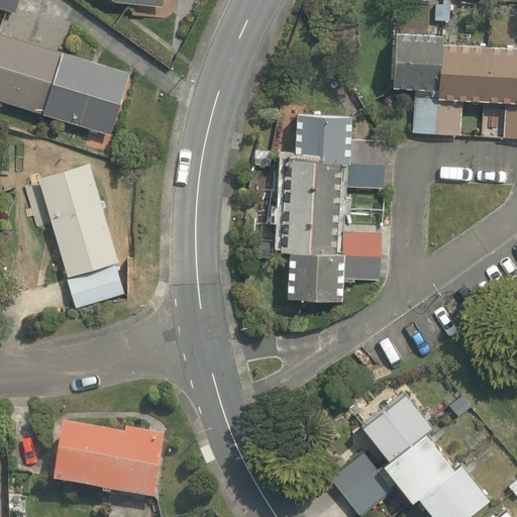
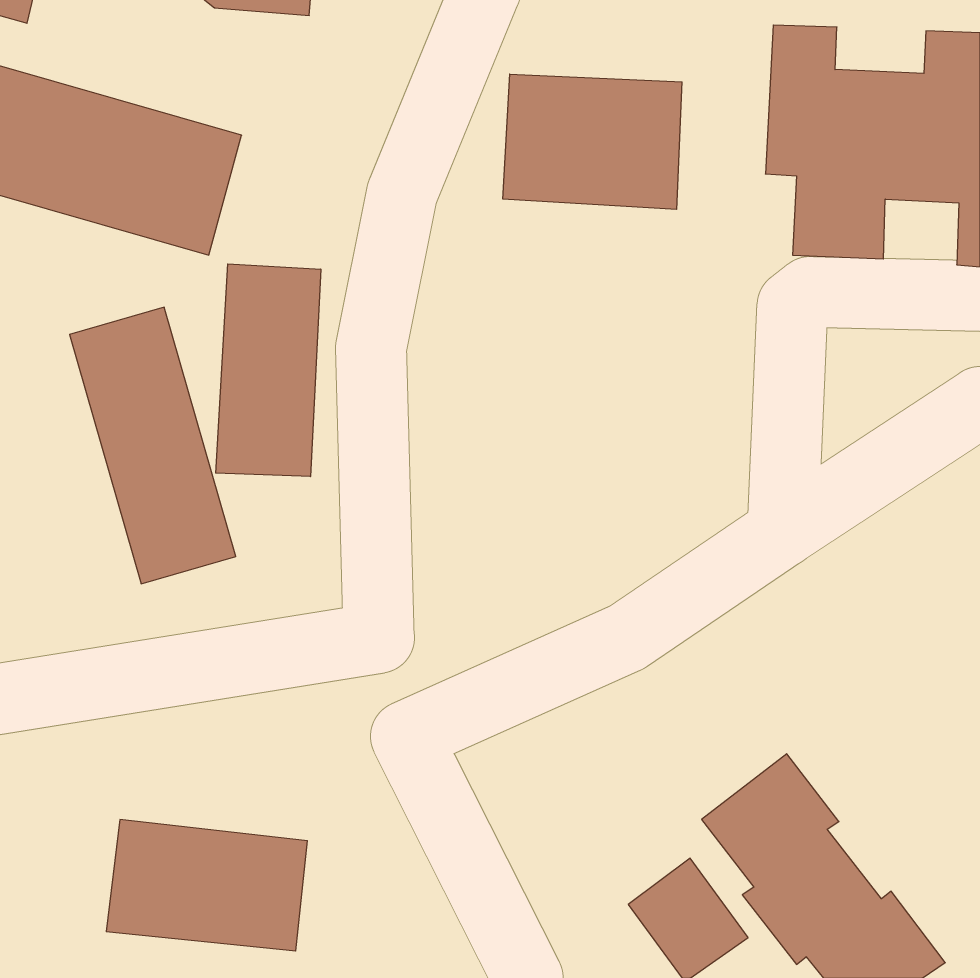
building: none -> [503,74,682,209]
building: [240,116,390,311] -> none
building: none -> [216,264,321,477]

